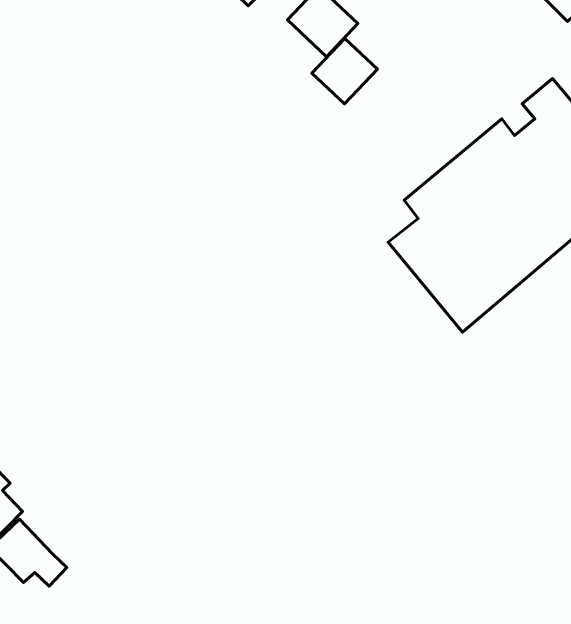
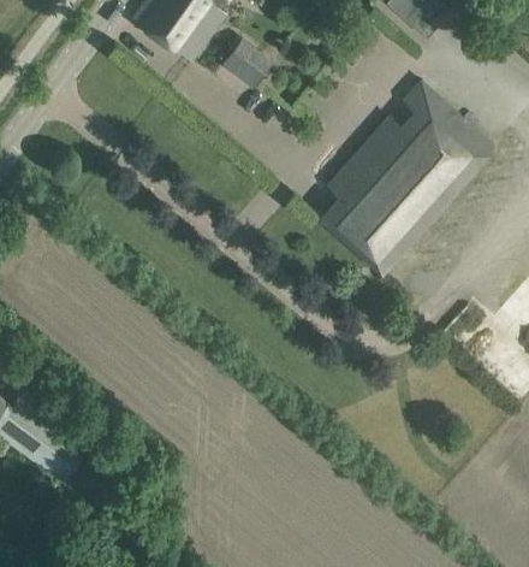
building: [312,39,377,104] -> none

